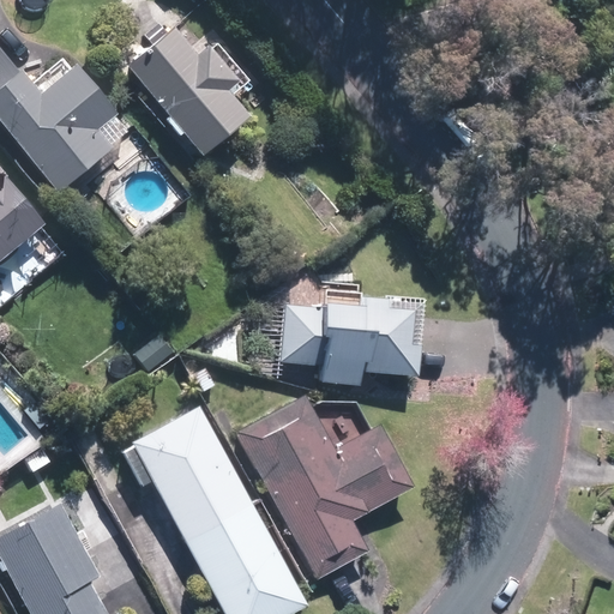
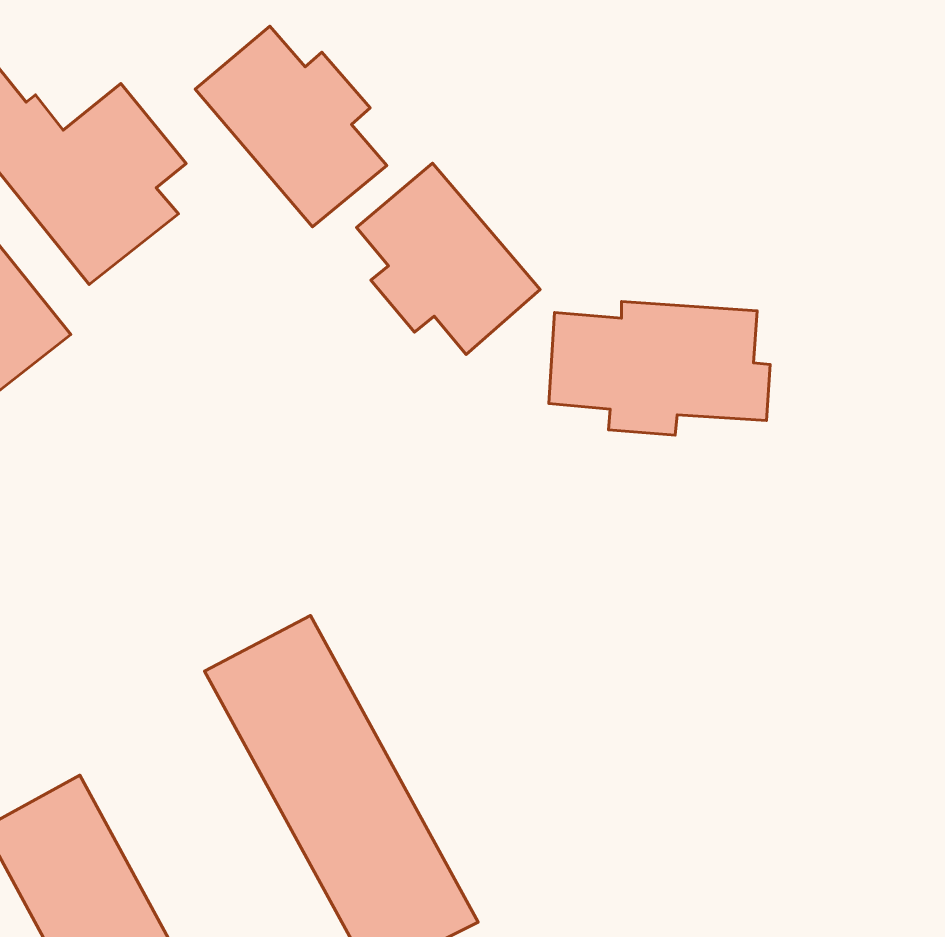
building: none -> [357,163,540,354]
building: [279,299,422,385] -> [549,301,770,435]
building: [234,396,414,583] -> none

